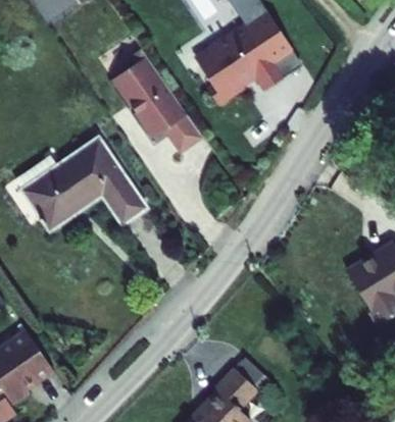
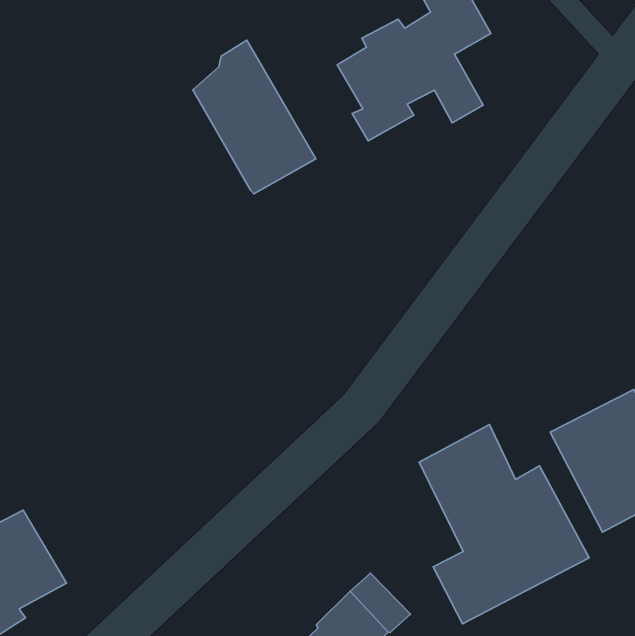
building: [27,142,152,233] -> none
building: none -> [419,425,589,624]

